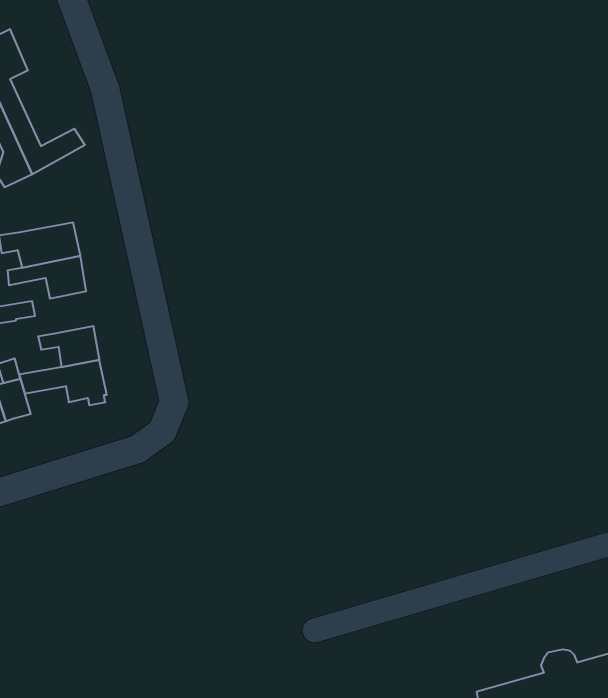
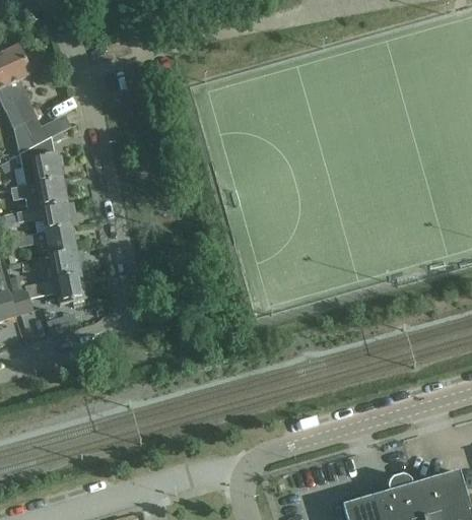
building: none -> [18,136,62,186]
building: none -> [46,226,76,256]

